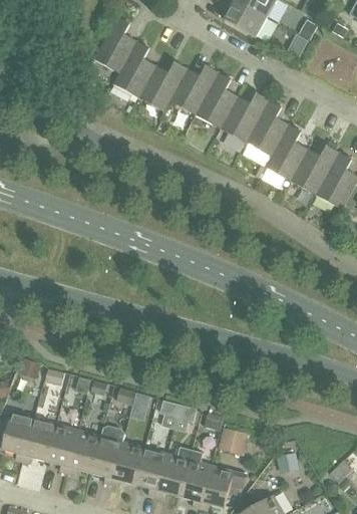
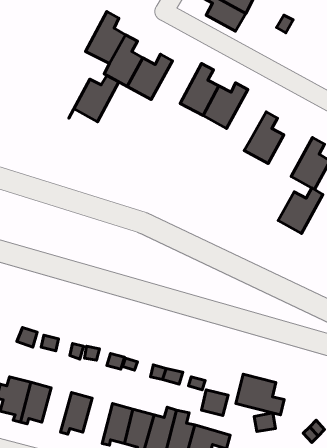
building: [164,65,219,115] -> [69,75,119,122]
building: [246,100,289,157] -> none
building: [291,146,339,195] -> [278,188,323,233]
building: none -> [236,374,284,415]
building: [90,423,125,484] -> none
building: [46,424,78,472] -> none

